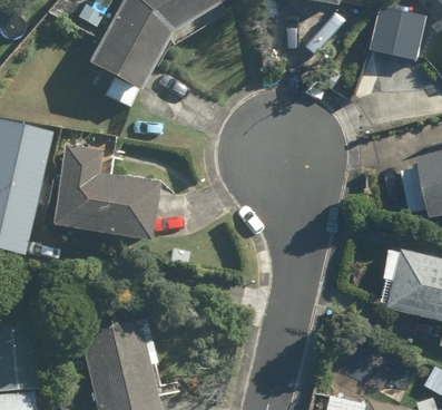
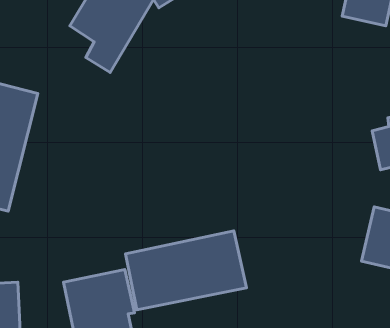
building: [50,145,159,241] -> none
building: none -> [125,231,246,310]

